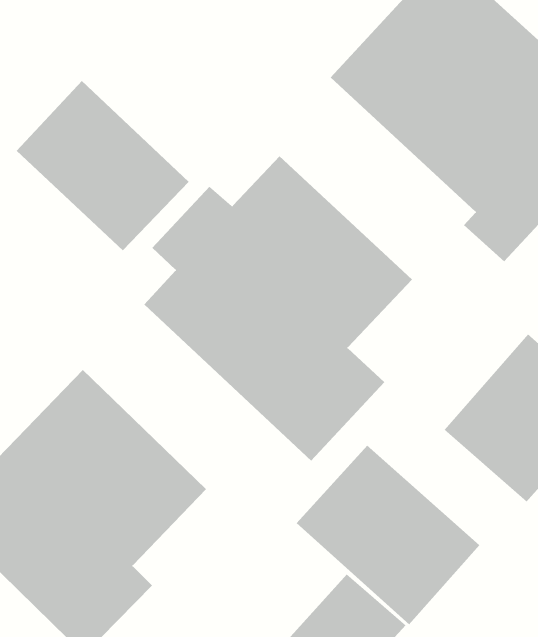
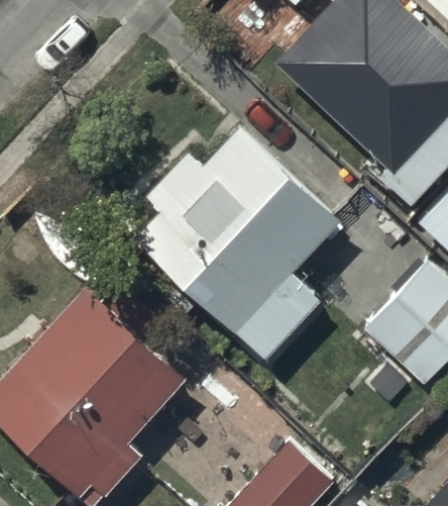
building: [16,80,189,251] -> none
building: [296,445,480,625] -> none

